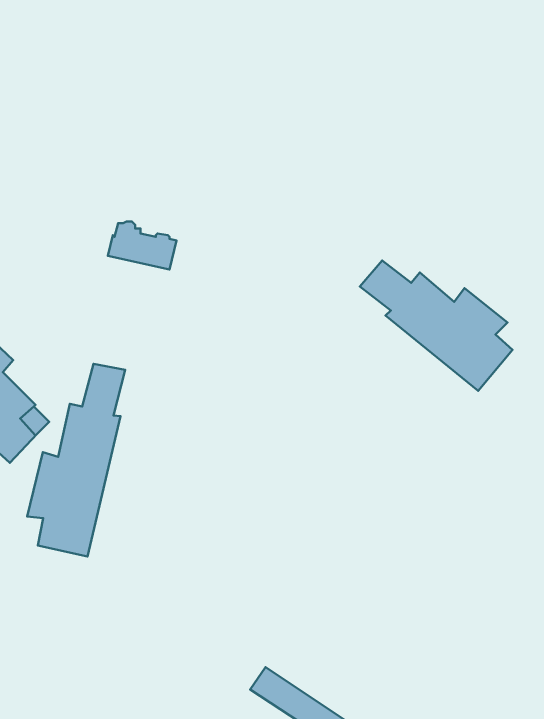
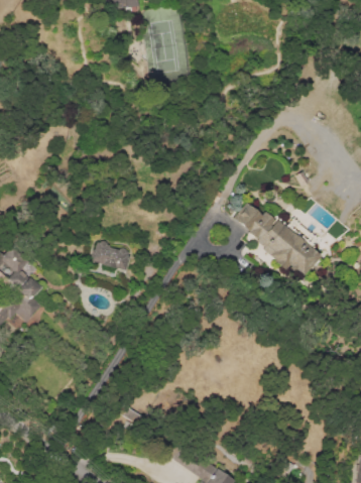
building: [108,222,176,270] -> [92,241,132,269]
building: [27,364,125,556] -> none

